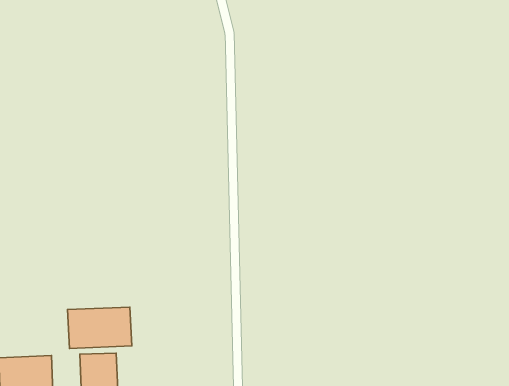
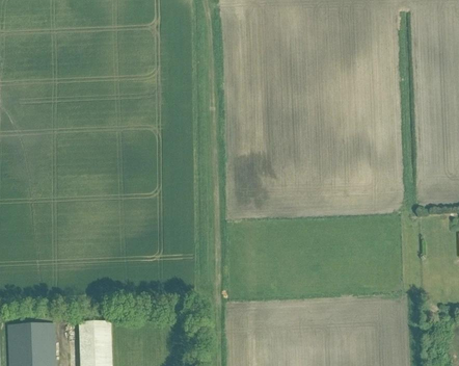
building: [68,307,132,348] -> none

